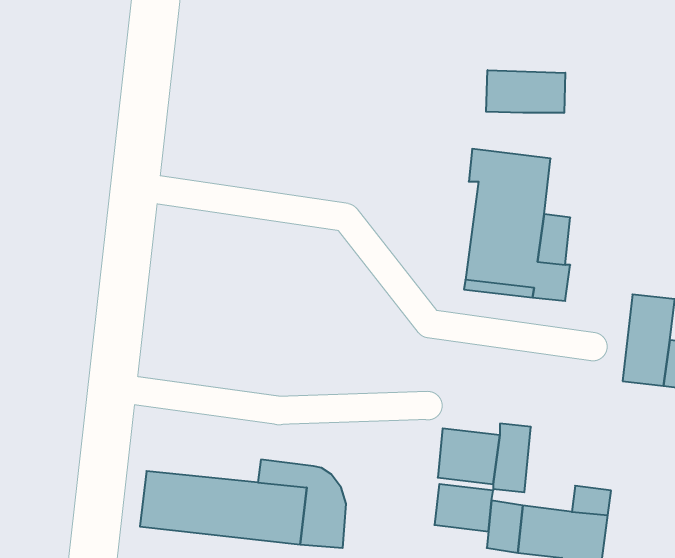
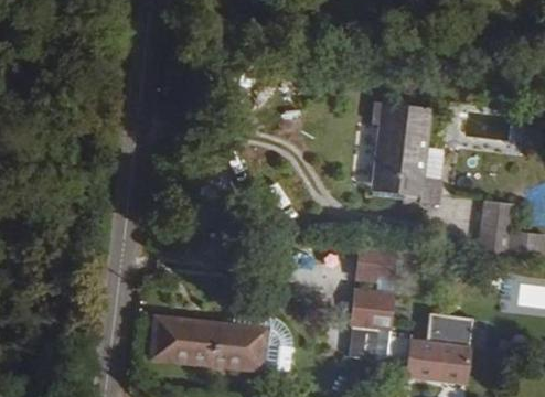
building: [486,70,565,113] -> none
building: none -> [355,245,397,283]

